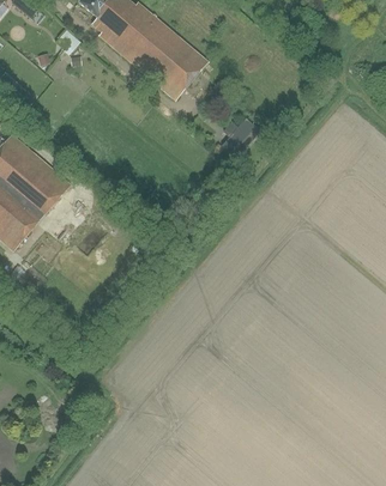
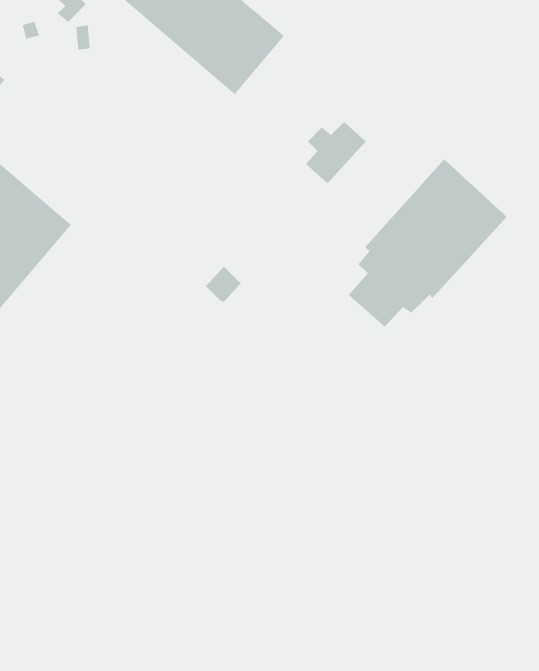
building: none -> [348,159,507,328]

